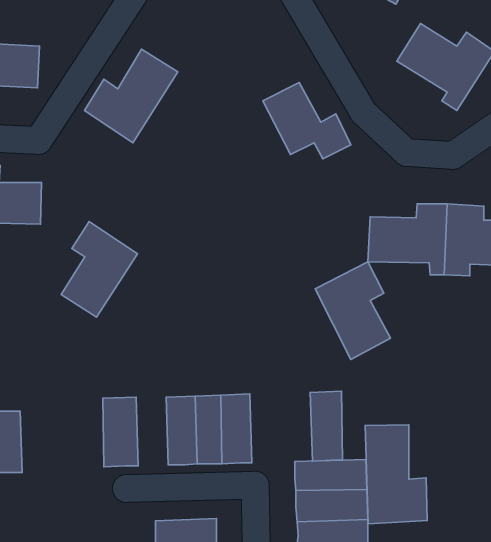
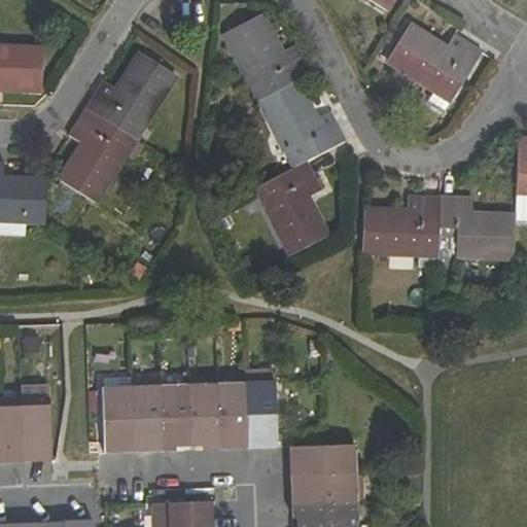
building: none -> [222,16,307,100]
building: [61,222,137,317] -> [60,109,133,201]
building: [315,262,390,360] -> [255,161,327,254]
building: [310,391,342,461] -> [245,380,276,447]
building: none -> [136,384,167,450]
building: none -> [25,396,54,456]
building: [365,425,427,524] -> none

